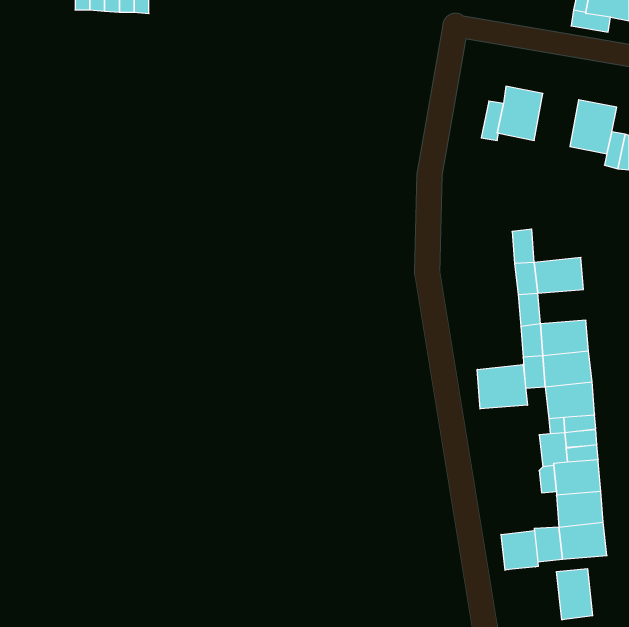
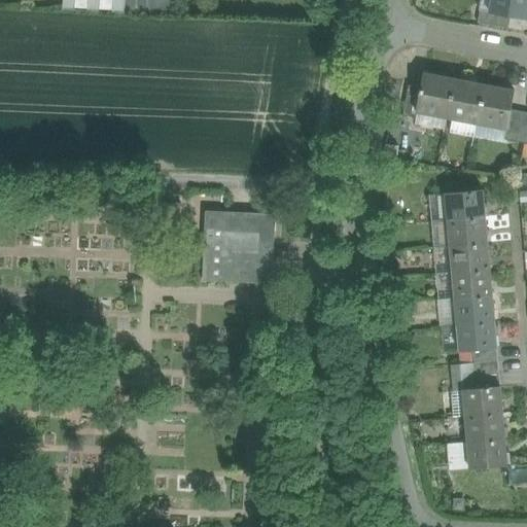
building: none -> [447,78,484,122]
building: none -> [445,188,486,219]
building: none -> [203,209,278,284]
building: none -> [450,242,490,271]
building: [477,364,527,409] -> none
building: [501,530,538,570] -> none
building: [557,569,593,620] -> none

